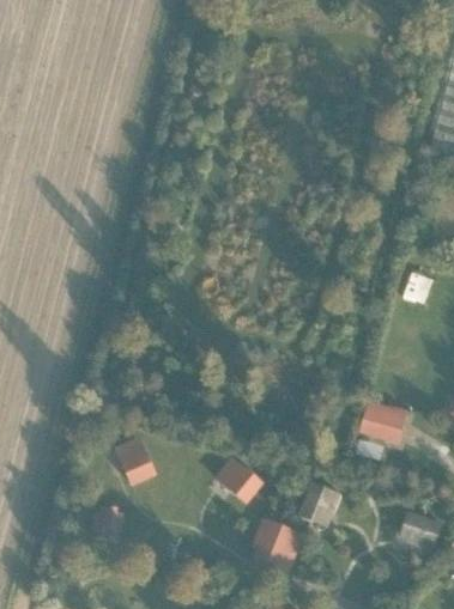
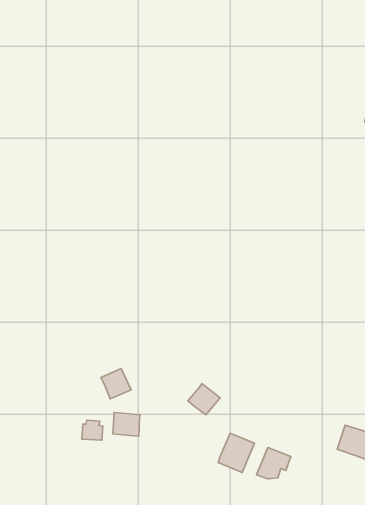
building: [362,406,406,440] -> none
building: [301,481,341,518] -> [257,447,291,479]
building: none -> [113,412,140,436]

